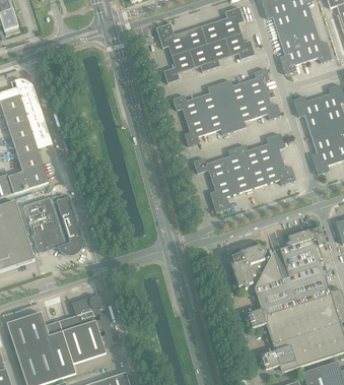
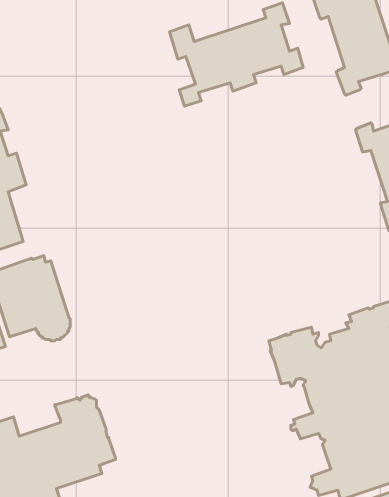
building: [173,68,280,145] -> none
building: [193,132,294,211] -> none

